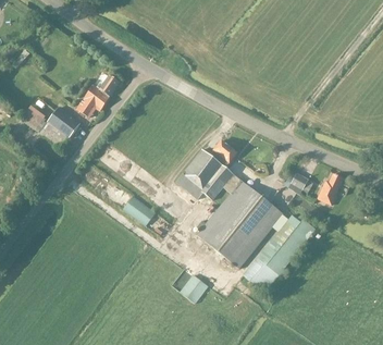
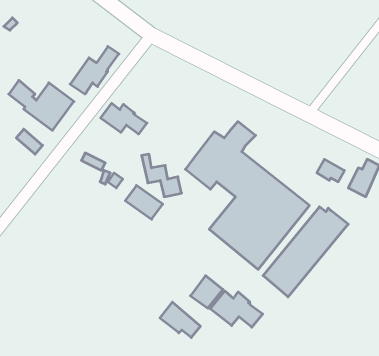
building: none -> [101,103,147,134]
building: none -> [210,291,263,327]
building: none -> [160,302,200,338]

